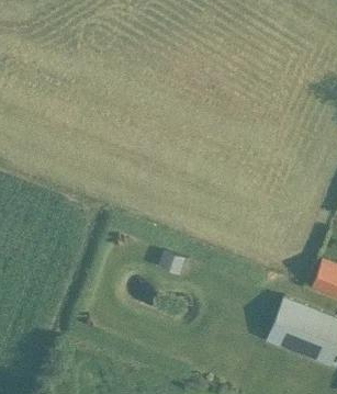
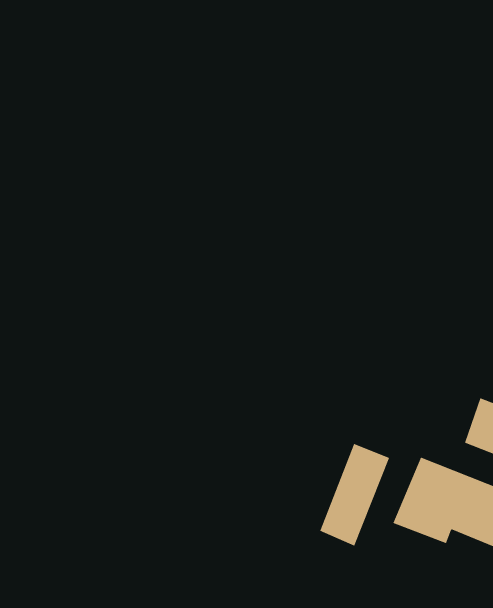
building: none -> [319,443,390,547]

